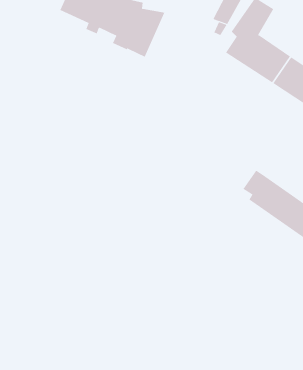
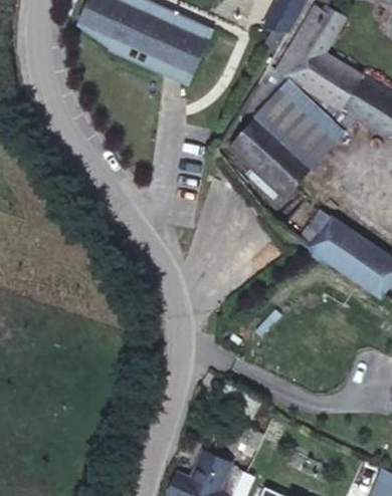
building: none -> [230,84,346,202]

